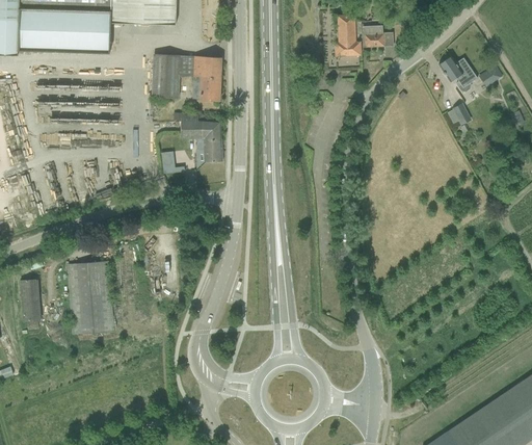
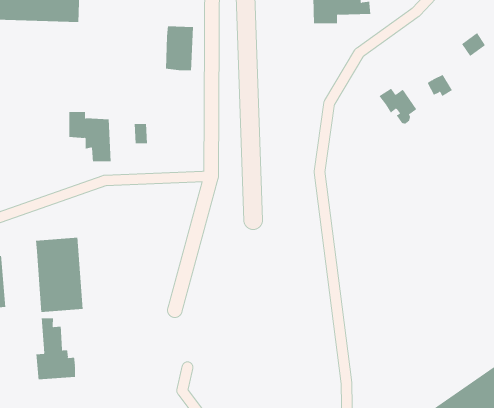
building: [152,54,180,97] -> none
building: [438,56,476,91] -> [379,88,417,124]
building: [181,112,222,161] -> [69,111,112,162]
building: none -> [36,317,75,380]

